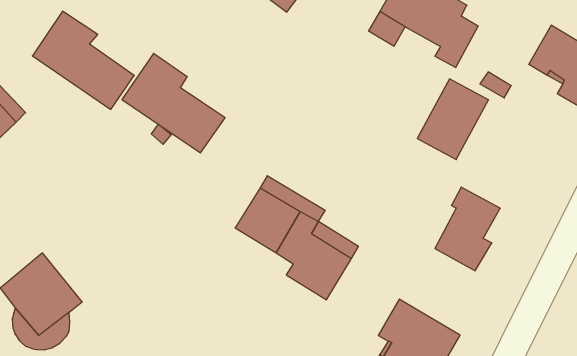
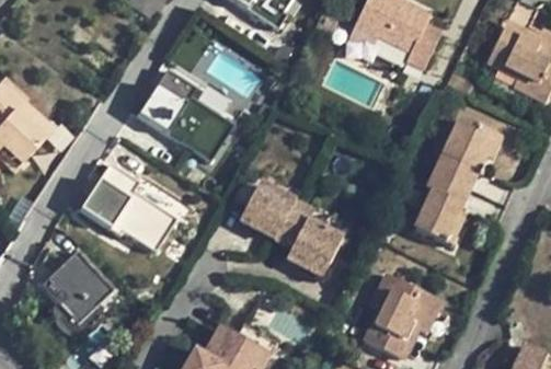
building: [32,11,134,109] -> [80,162,170,245]
building: [417,79,489,160] -> [436,118,496,188]

